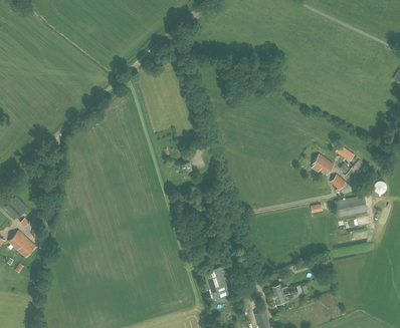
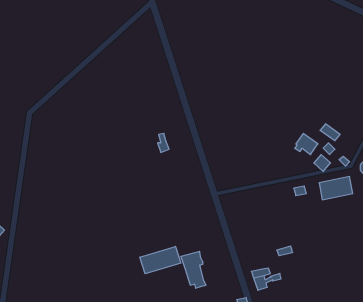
building: none -> [140,246,181,274]

